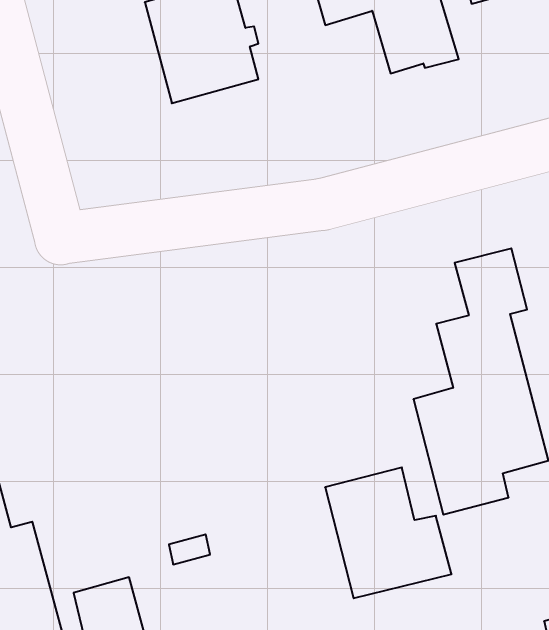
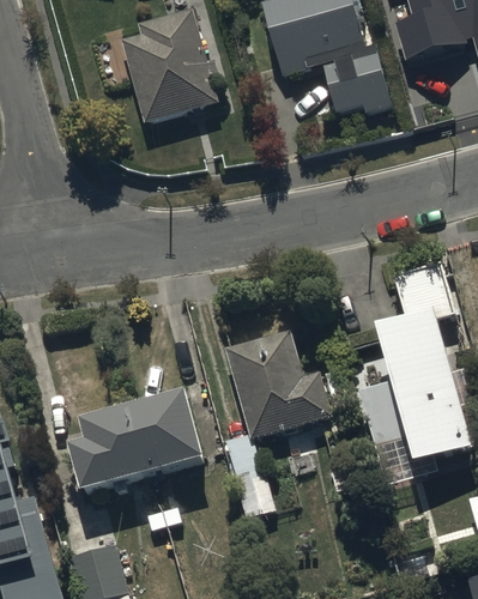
building: none -> [72,392,208,491]
building: [325,467,452,598] -> [226,325,333,435]

